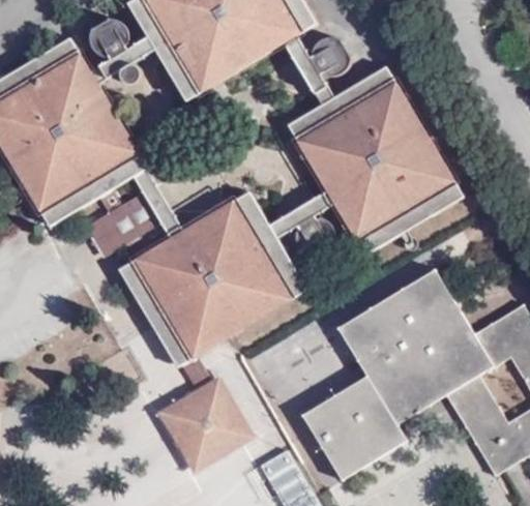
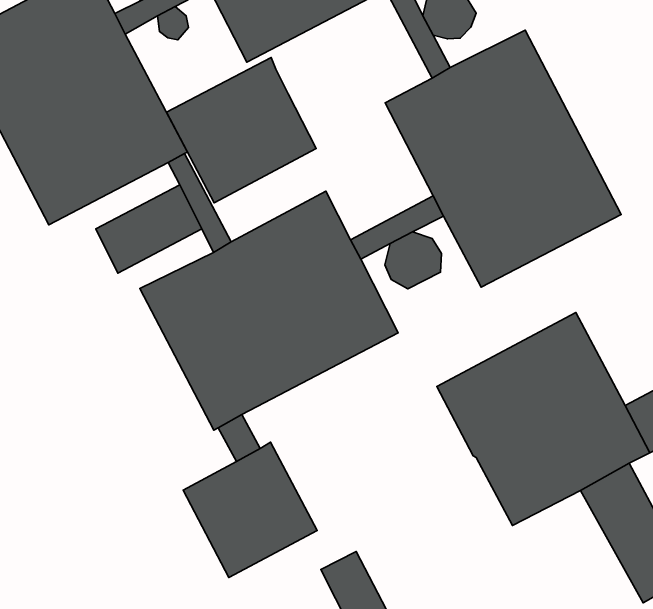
building: none -> [167,57,316,203]
building: [301,376,407,481] -> none

